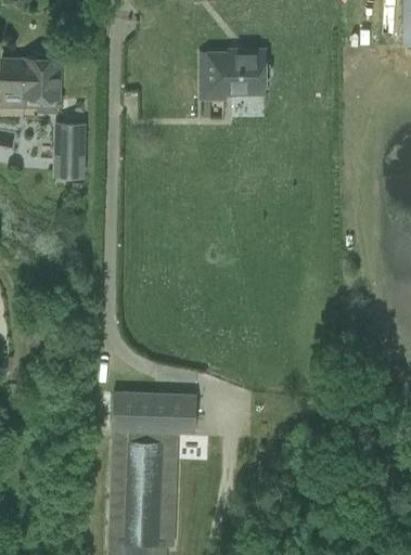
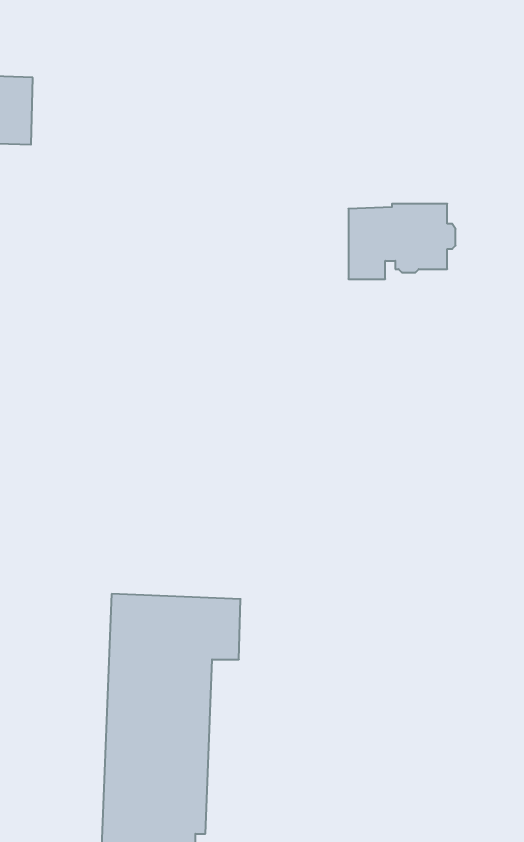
building: [200,52,269,101] -> [348,204,456,279]
building: [52,122,85,179] -> none

